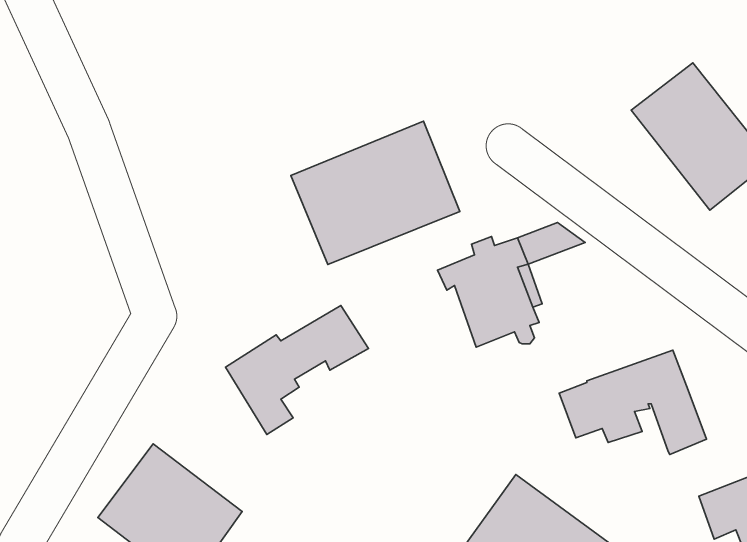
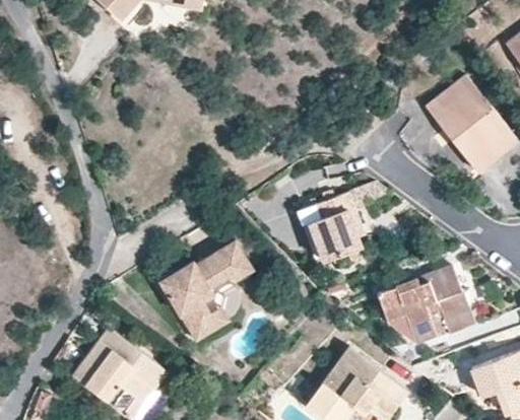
building: [291,121,460,264] -> none
building: none -> [184,273,229,335]
building: none -> [409,301,449,346]

